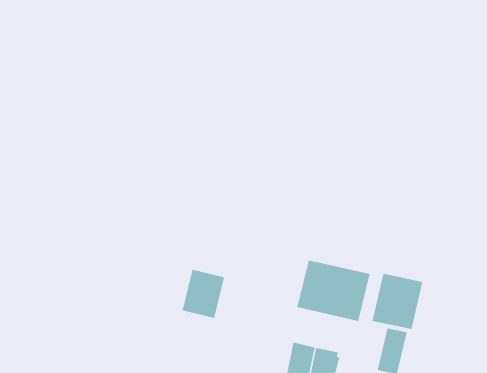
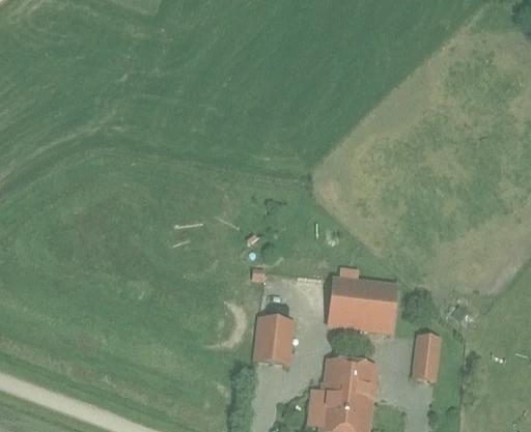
building: [182,269,225,318] -> [255,316,294,362]
building: [372,273,423,330] -> none

